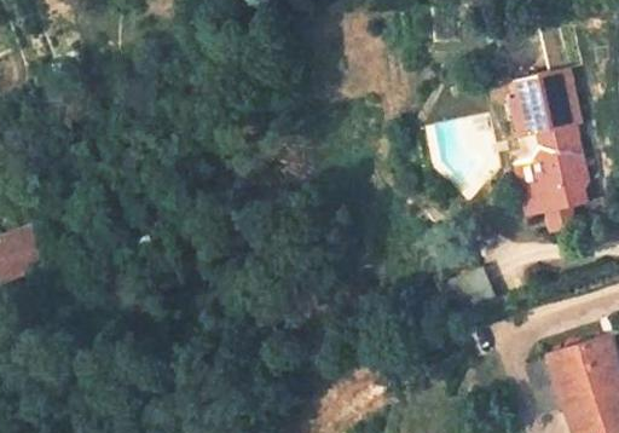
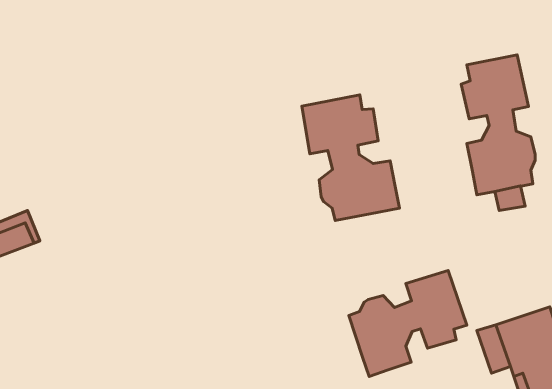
building: none -> [302,95,399,220]
building: none -> [349,270,467,376]

